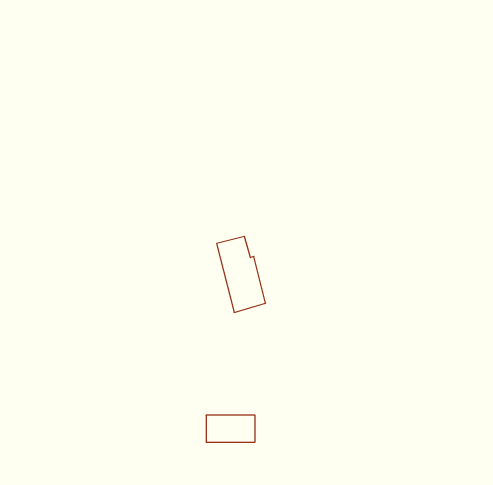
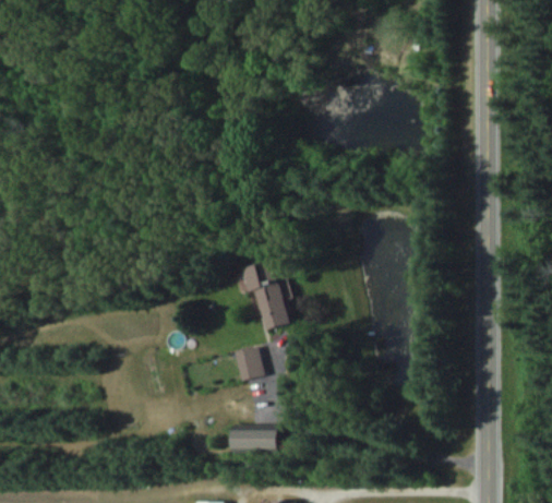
building: none -> [236,346,264,380]

